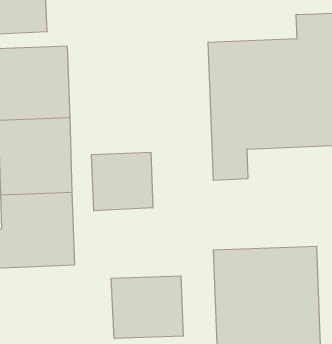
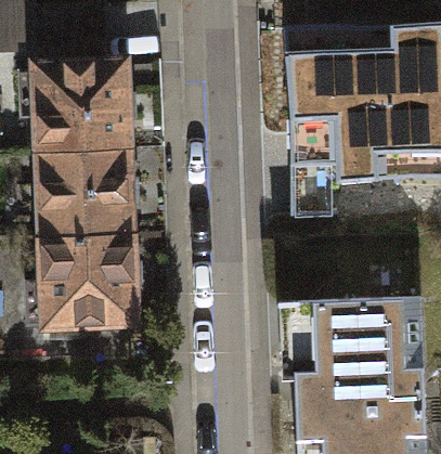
building: [92,152,153,211] -> none
building: [111,276,183,339] -> none

